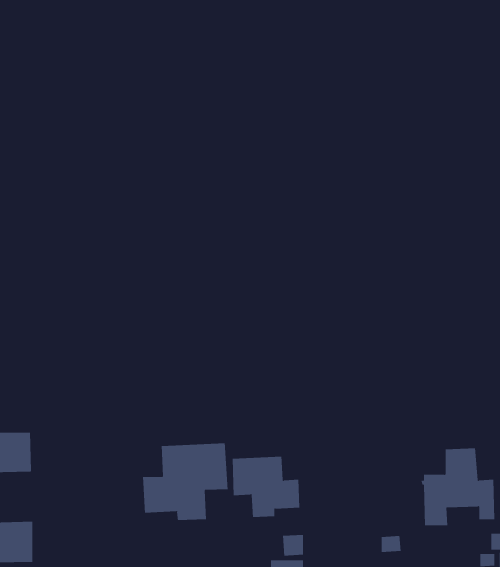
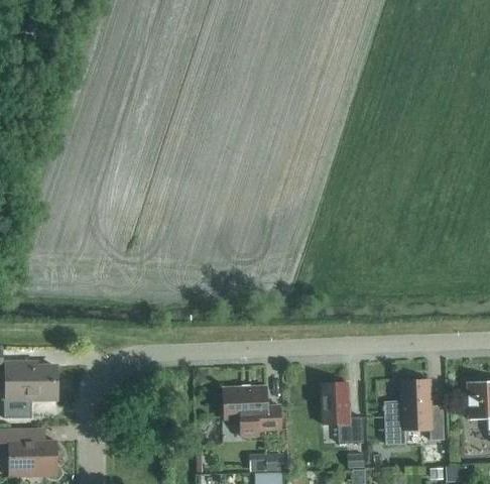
building: [142,442,228,521] -> none
building: none -> [320,382,363,444]

